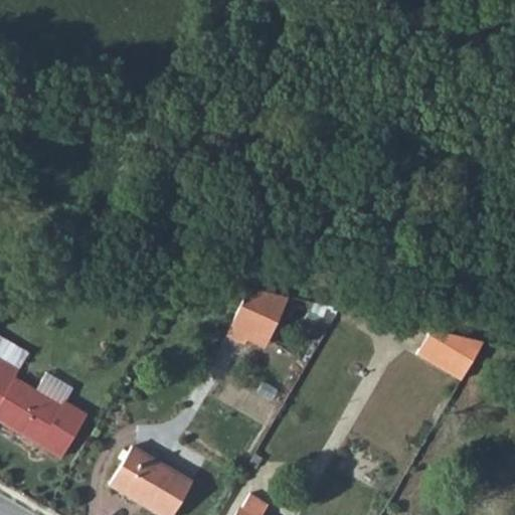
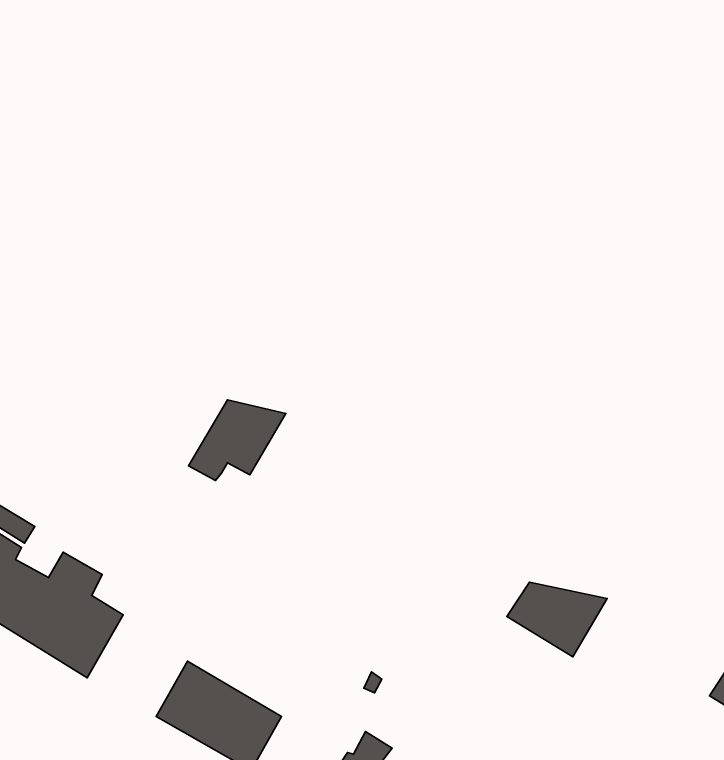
building: [221,290,287,344] -> [189,400,286,481]
building: [416,331,484,381] -> [507,582,607,657]

